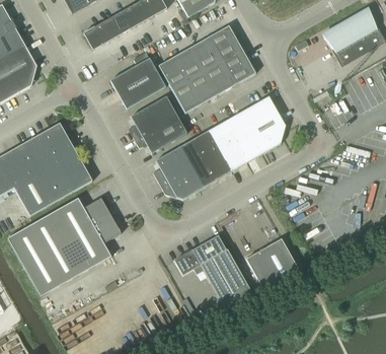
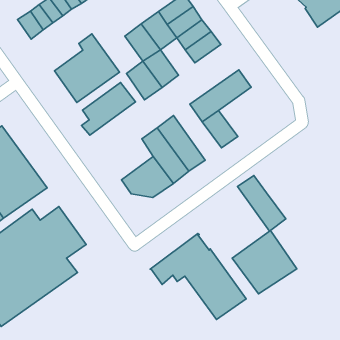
building: [157,56,186,88] -> none
building: [203,62,231,94] -> none
building: [247,112,285,153] -> none
building: [134,114,186,152] -> none
building: [208,121,246,170] -> [238,175,286,231]
building: [152,146,186,180] -> none

